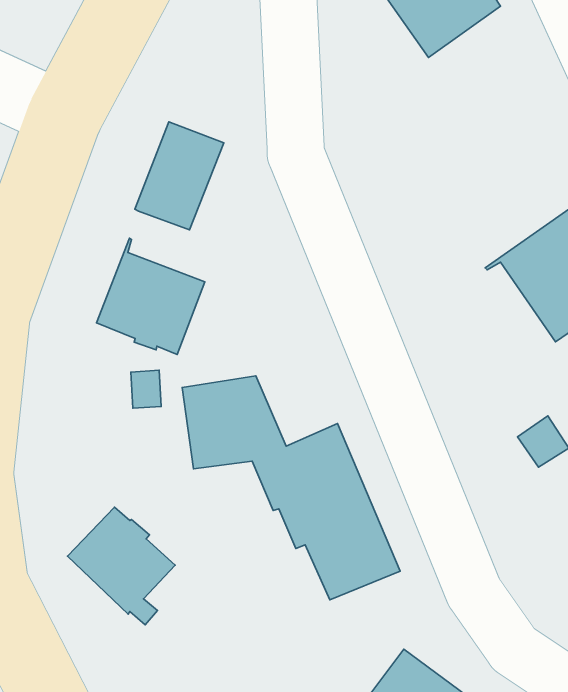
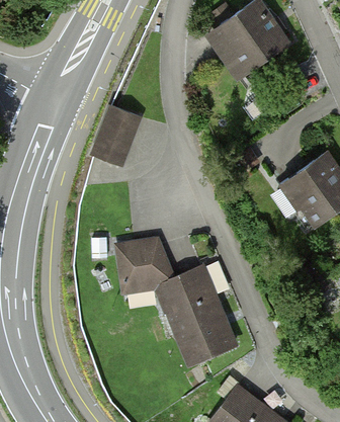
building: [96,238,205,355] -> none
building: [68,507,175,625] -> none

